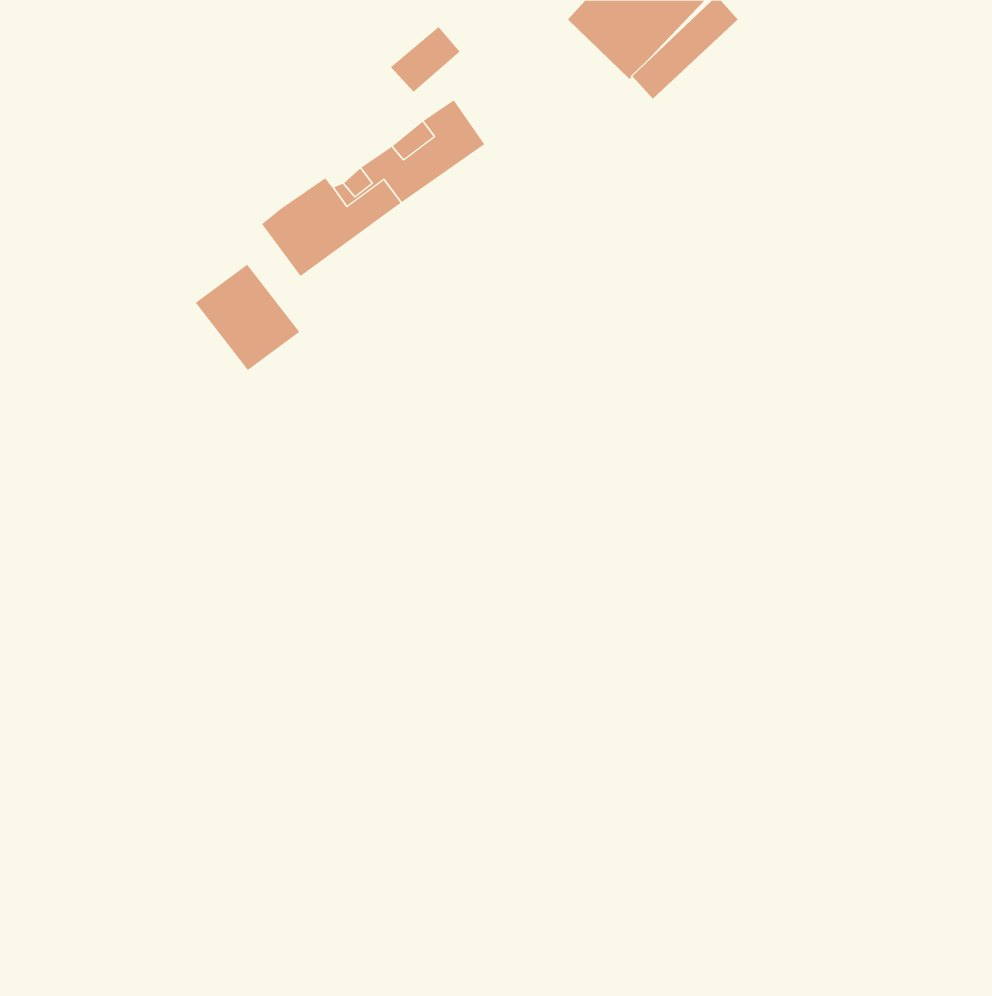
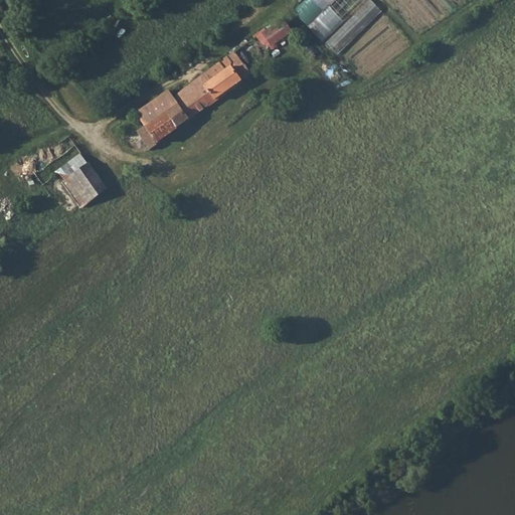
building: [390,26,460,92] -> [255,15,292,49]
building: [195,264,300,371] -> [48,156,103,211]

